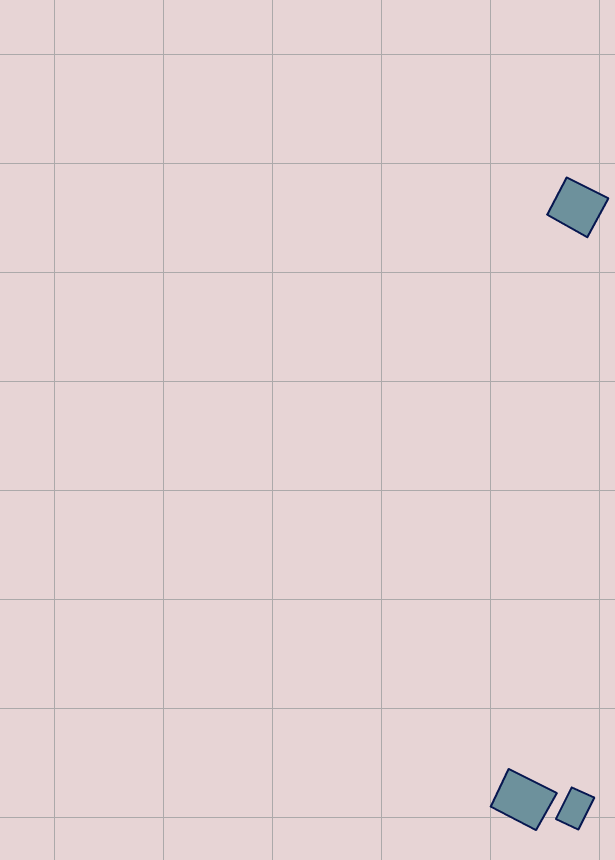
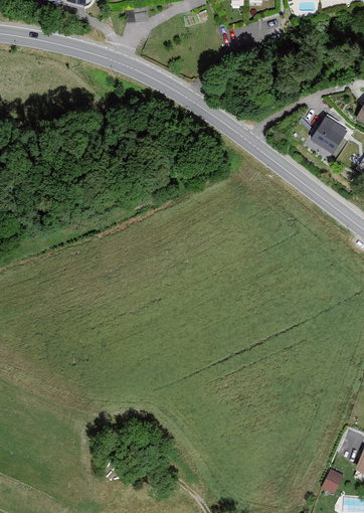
building: [491,769,557,830] -> none

